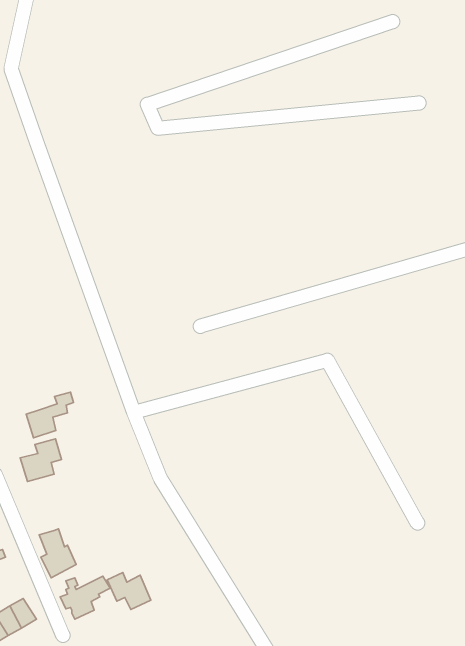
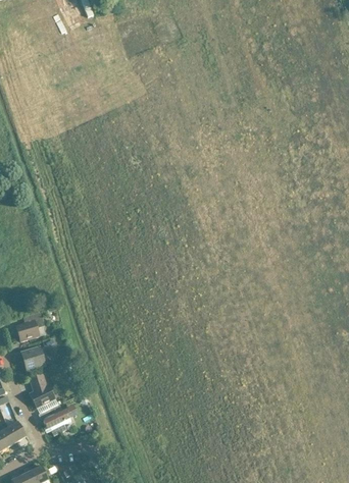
building: [26,392,74,438] -> [23,337,56,369]
building: [107,573,151,610] -> none

